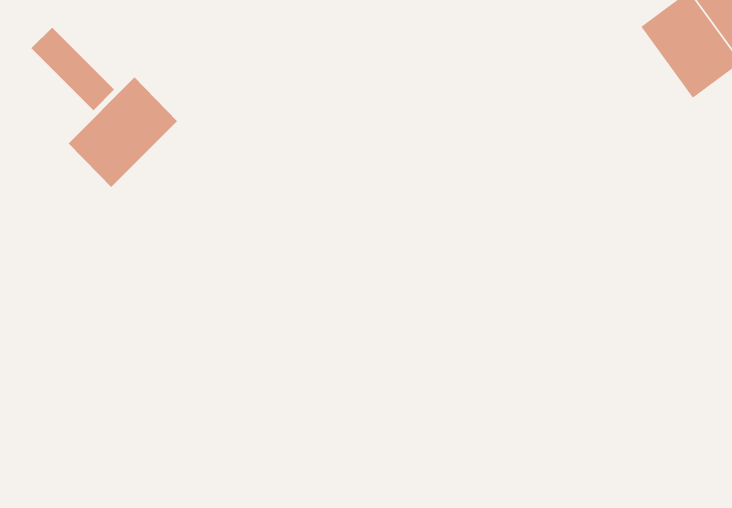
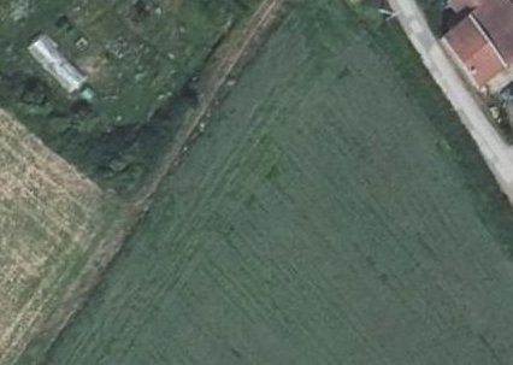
building: [68,77,178,188] -> none

